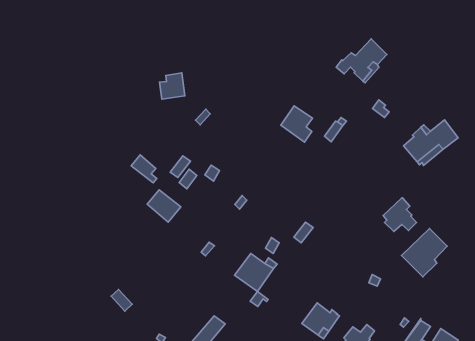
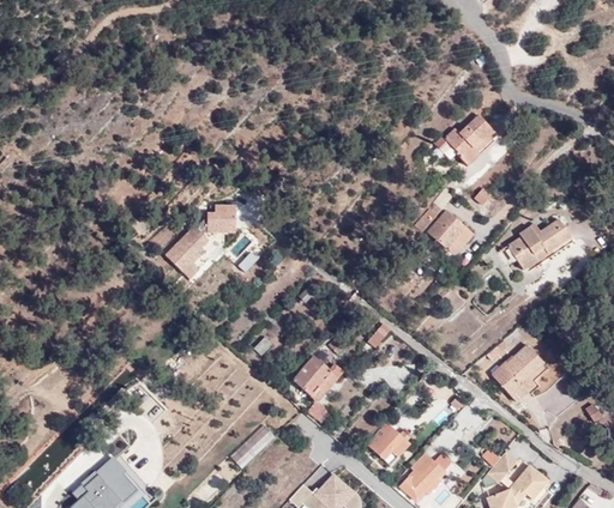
building: [159,73,185,99] -> [206,201,235,230]
building: [281,106,313,142] -> [427,211,465,255]
building: [147,190,181,222] -> [165,238,205,278]
building: [383,198,416,231] -> none

